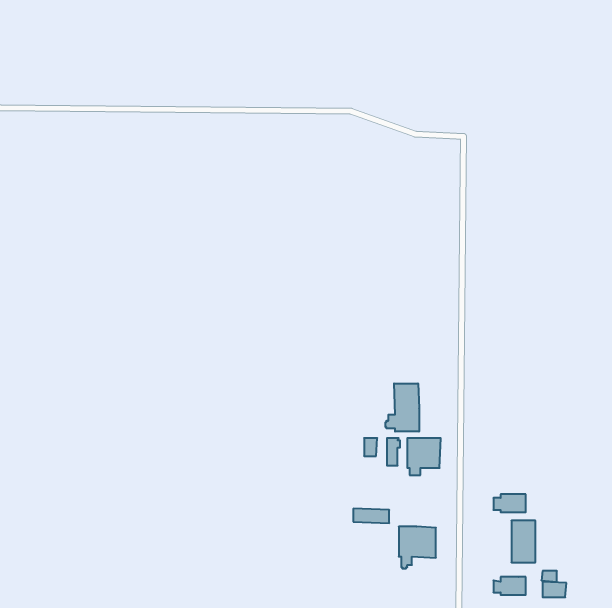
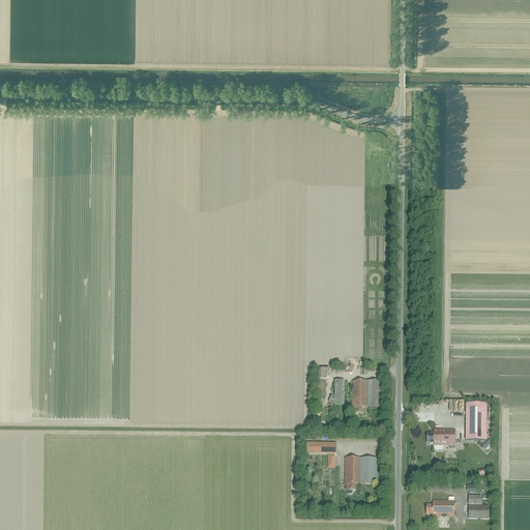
building: [385,383,419,432] -> none
building: [511,521,535,562] -> [465,402,485,438]

